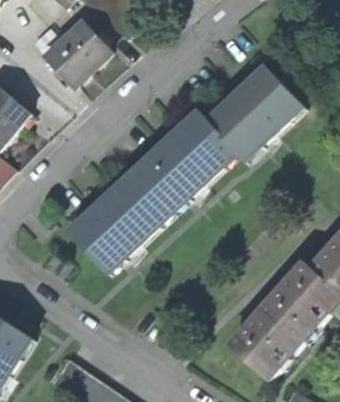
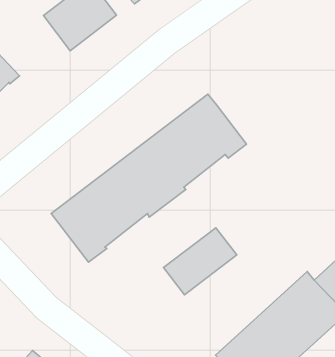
building: [208,69,303,162] -> none
building: none -> [163,228,237,295]

